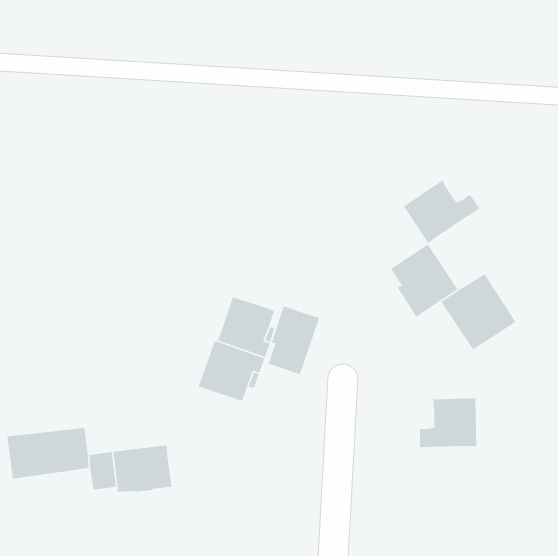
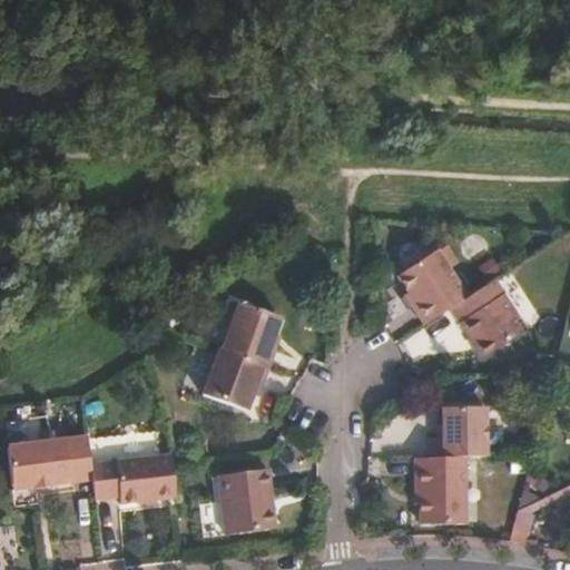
building: [403,180,480,244] -> none
building: [267,305,320,375] -> none
building: none -> [414,455,465,523]
building: none -> [217,466,275,534]

